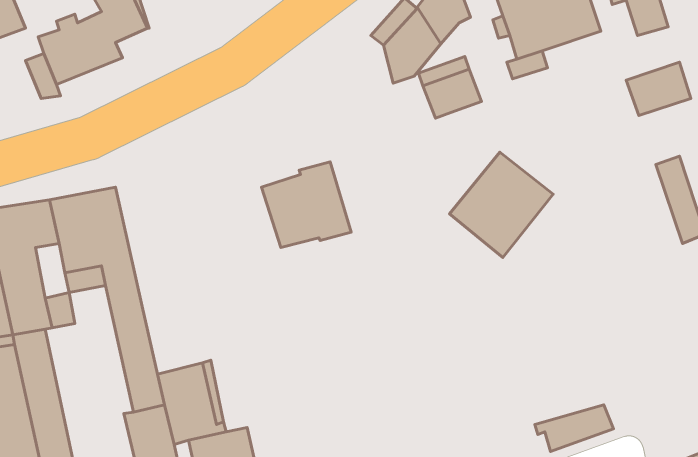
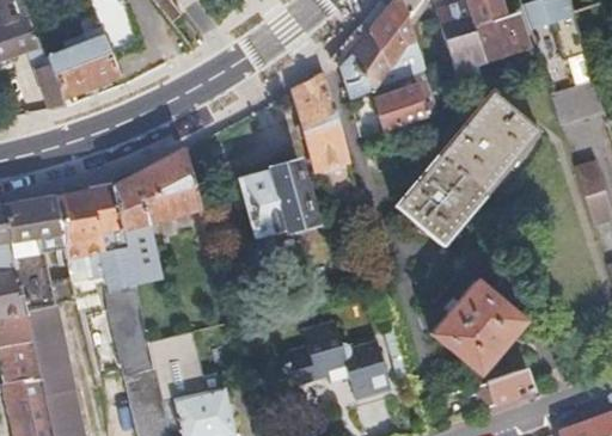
building: none -> [293,72,359,198]
building: none -> [441,91,537,190]
building: none -> [114,148,201,285]
building: none -> [433,278,524,370]
building: none -> [279,318,394,404]

